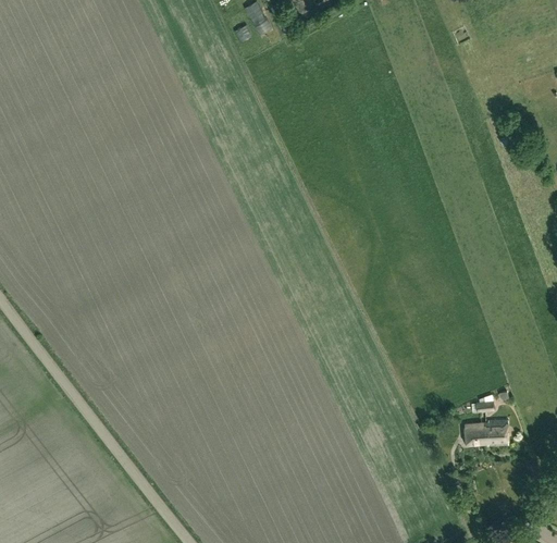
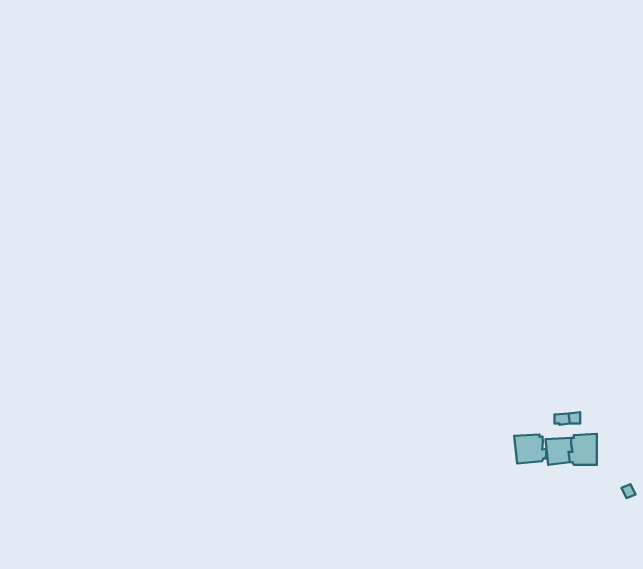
building: none -> [514,434,546,464]

